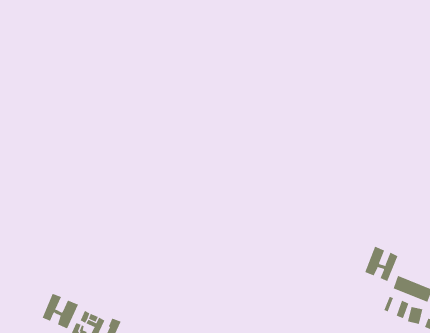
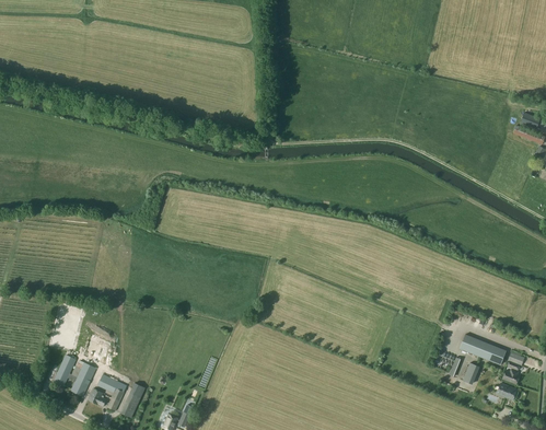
building: [365,246,398,282] -> none

